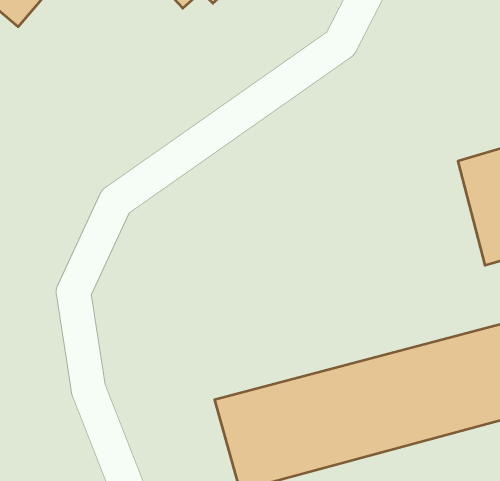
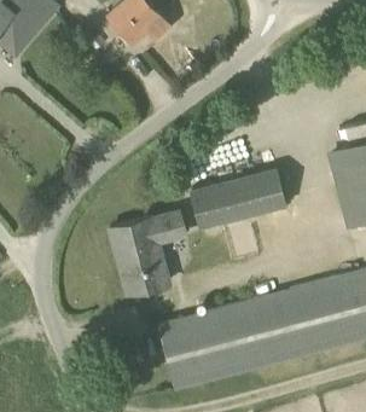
building: none -> [190,170,284,230]
building: none -> [109,213,185,295]

